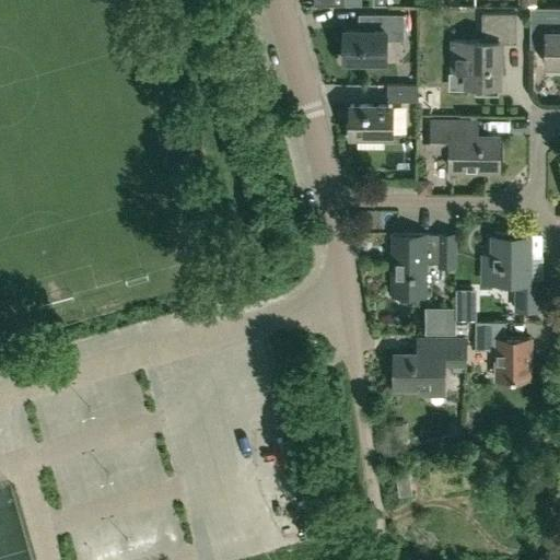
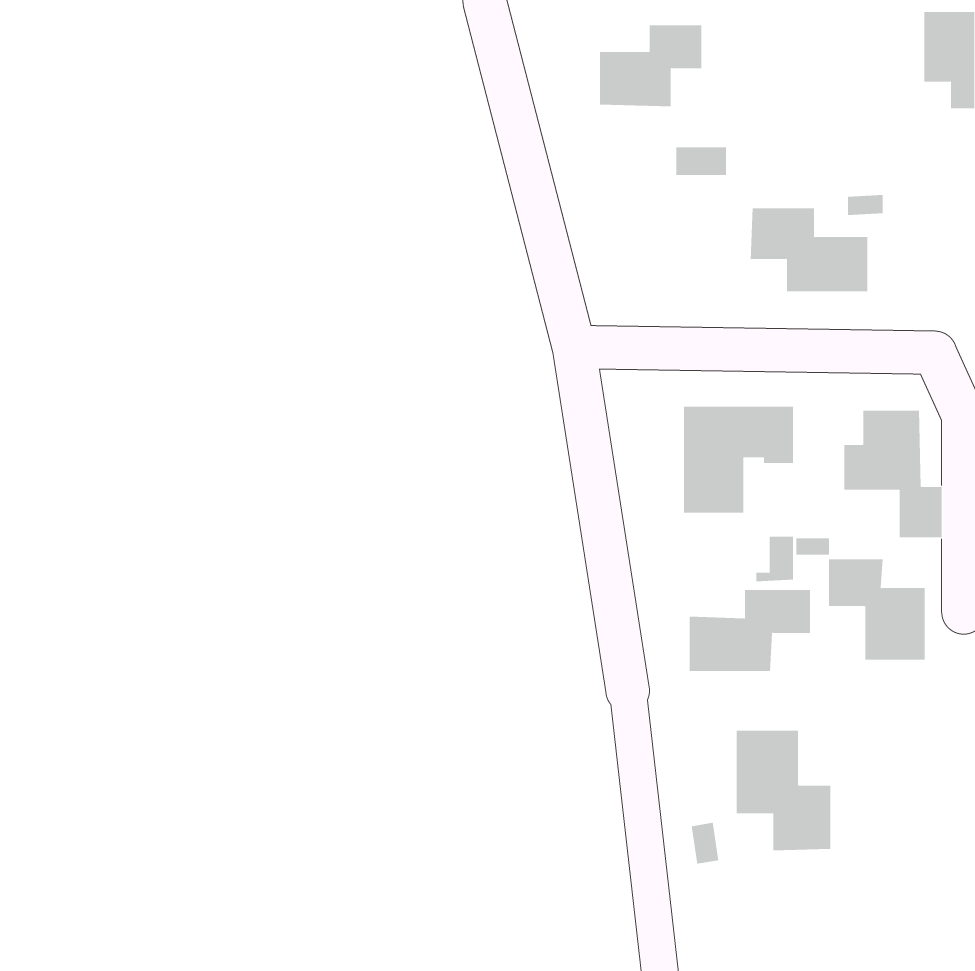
building: [453,14,516,94] -> none
building: [350,107,390,137] -> none
building: none -> [736,730,831,851]

